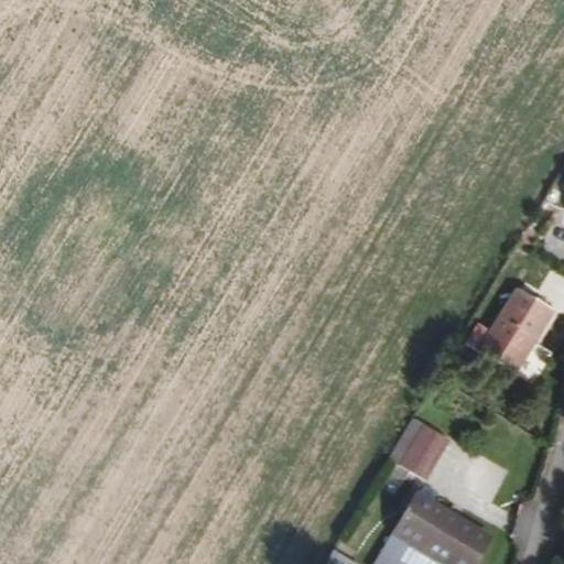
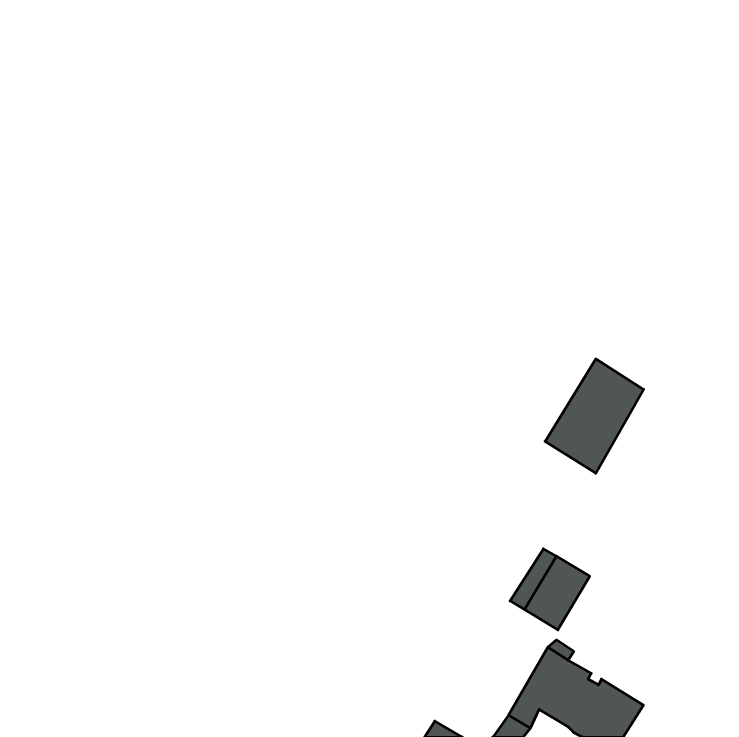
building: [477,291,552,378] -> [545,359,644,473]

